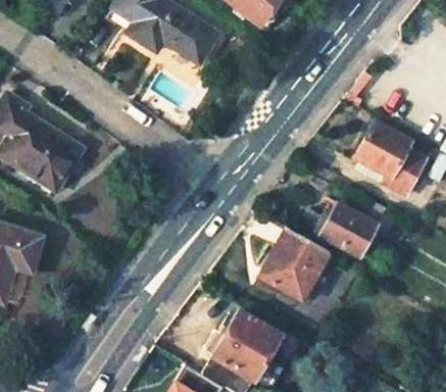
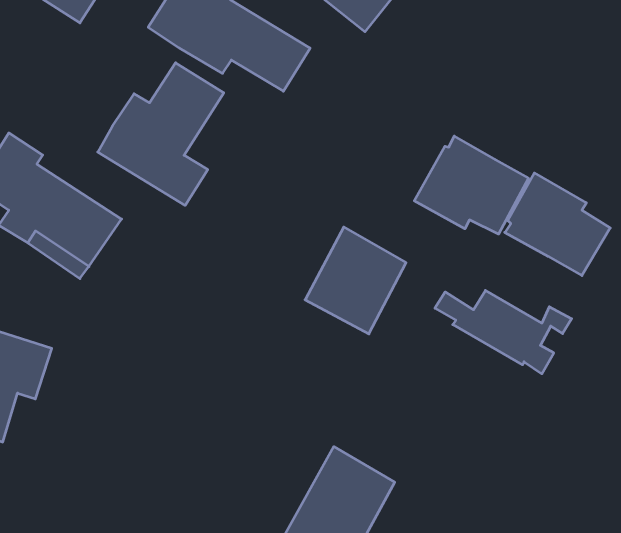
building: none -> [98,63,224,205]
building: none -> [414,136,528,234]
building: [261,226,331,299] -> [305,227,406,334]

